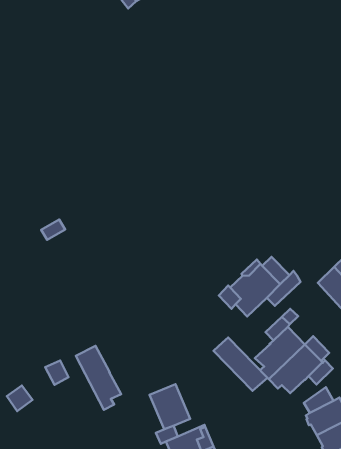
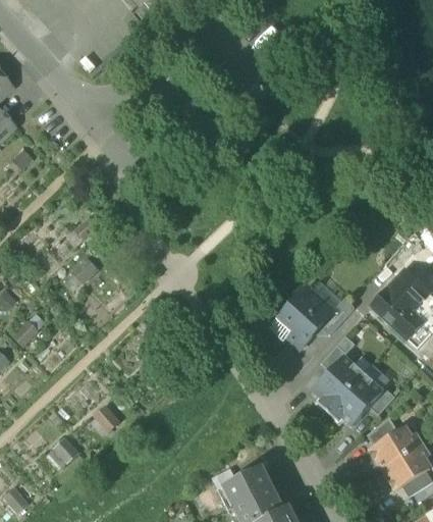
building: [213,338,267,391] -> none
building: [76,346,121,410] -> none
building: [149,384,190,429] -> none

